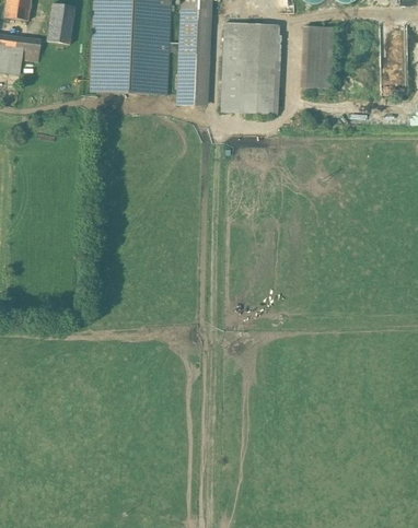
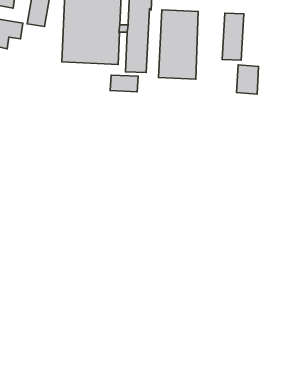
building: none -> [237,65,258,94]
building: none -> [110,75,138,92]

